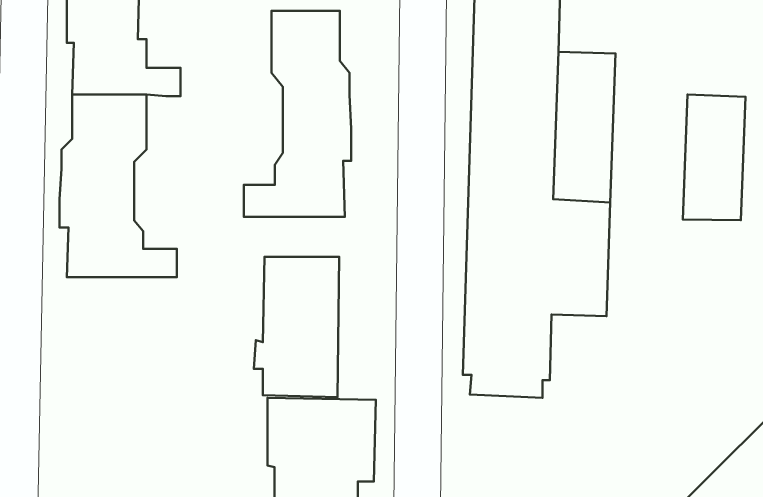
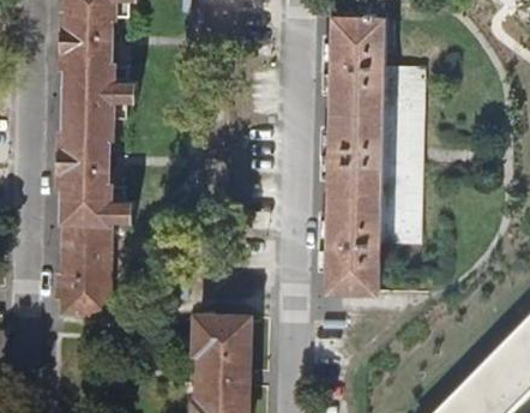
building: [244,11,351,217] -> none
building: [683,94,745,220] -> none
building: [254,257,339,397] -> [49,227,107,322]

